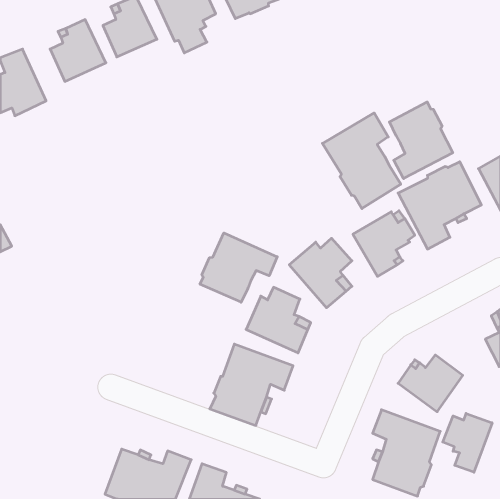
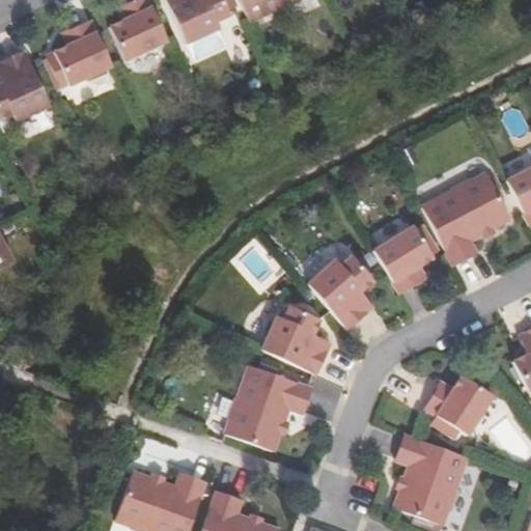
building: [389,102,453,179] -> none
building: [322,113,401,209] -> none
building: [200,233,277,302] -> none
building: [443,413,492,472] -> none

